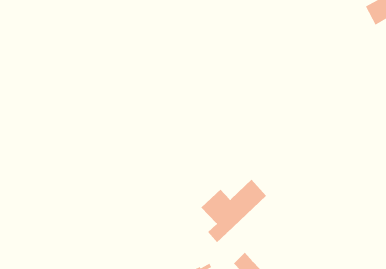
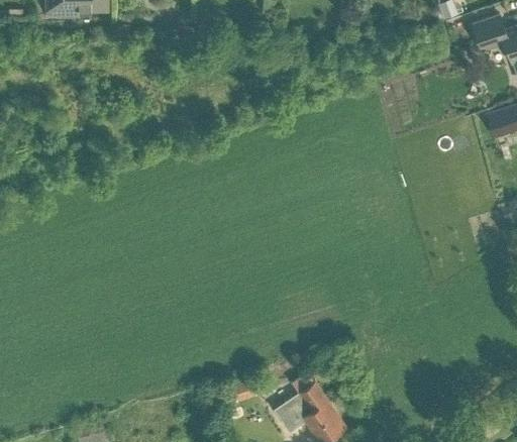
building: [201,179,267,243] -> none

